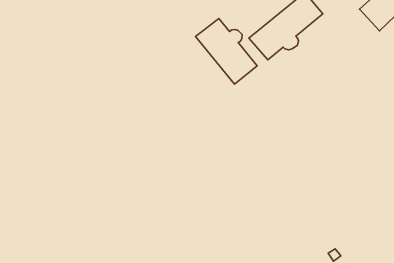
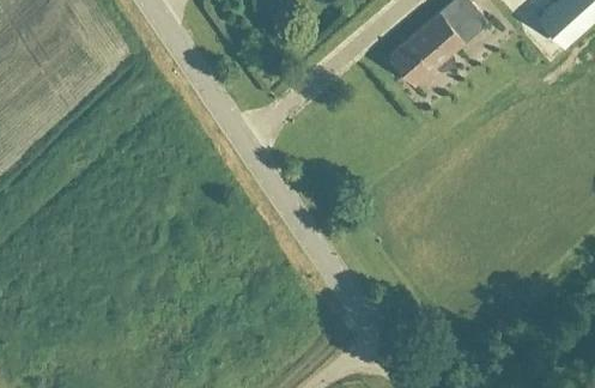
building: [195,18,257,84] -> none

